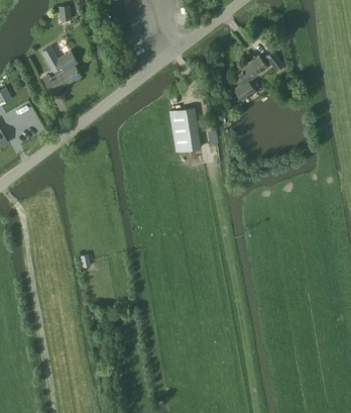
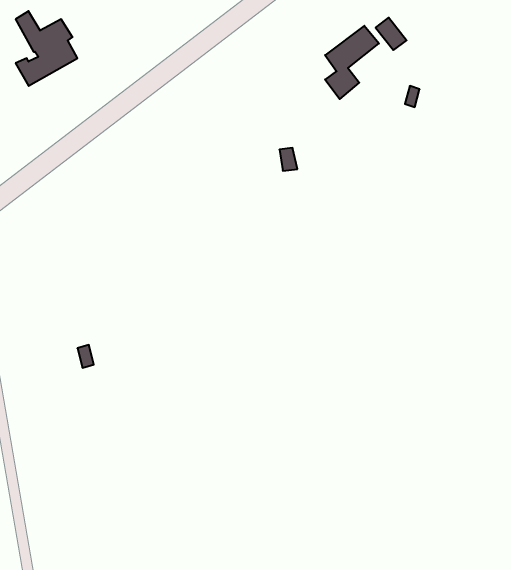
building: [169,107,201,151] -> none

